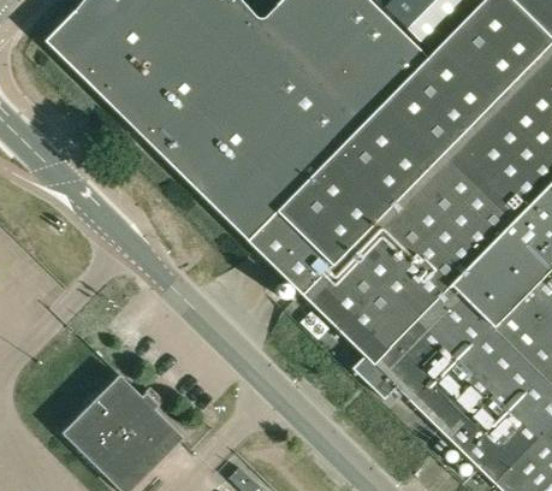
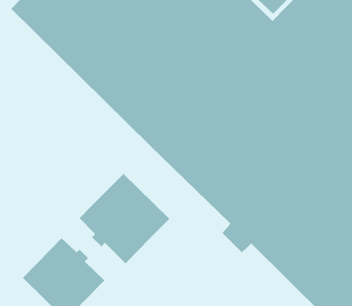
building: none -> [79,173,170,264]

